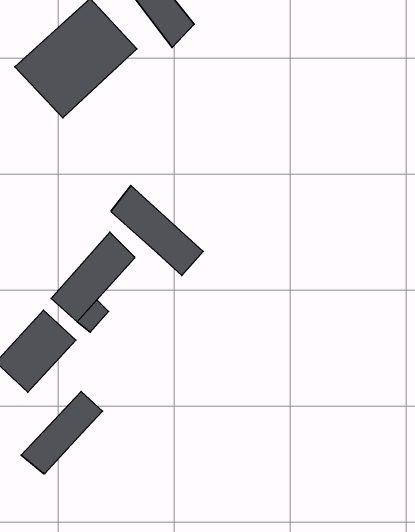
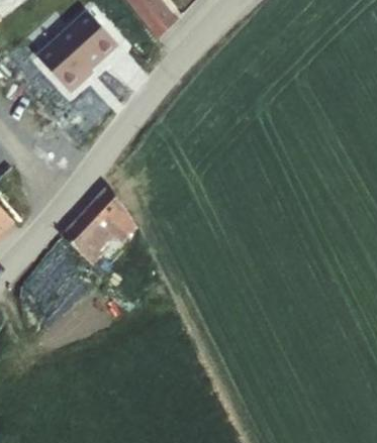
building: [111,186,203,276] -> none
building: [21,391,103,474] -> none

